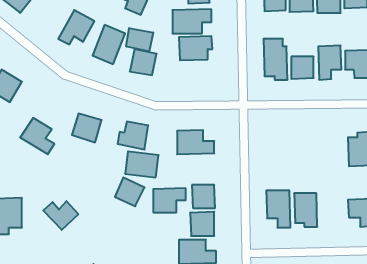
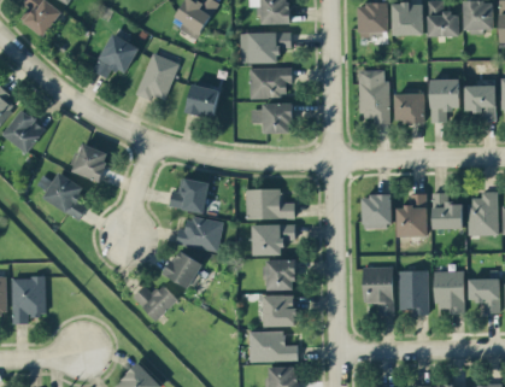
building: [126,28,153,51] -> none
building: none -> [251,102,292,133]
building: [72,114,102,142] -> [70,143,108,181]
building: none -> [431,192,463,229]
building: none -> [397,193,427,236]
building: none -> [362,194,392,228]
building: [153,188,186,212] -> [252,223,294,254]
building: none -> [434,270,464,313]
building: [43,201,78,230] -> [131,283,177,321]

